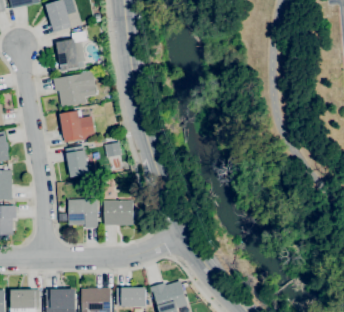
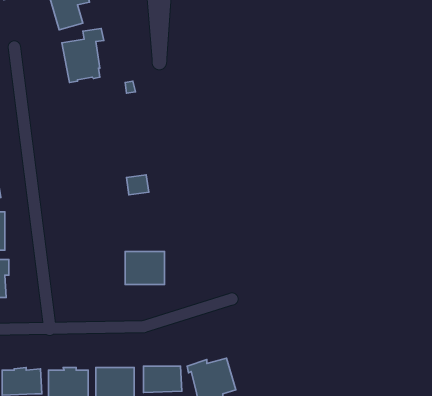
building: [53,70,96,107] -> none
building: [59,110,94,143] -> none
building: [65,145,88,178] -> none
building: [68,199,98,228] -> none

